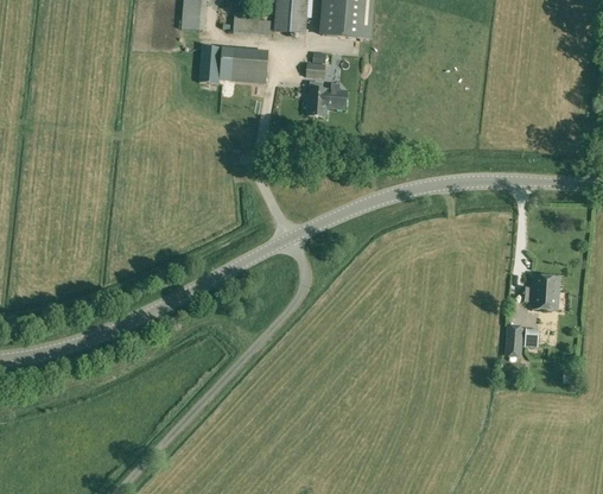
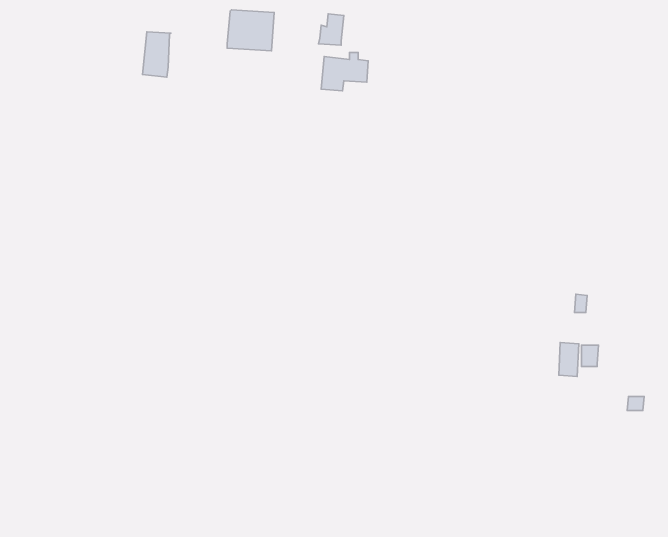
building: [196,45,220,83] -> [143,32,171,77]
building: [528,274,558,310] -> none

